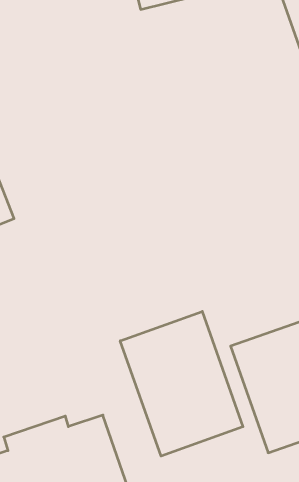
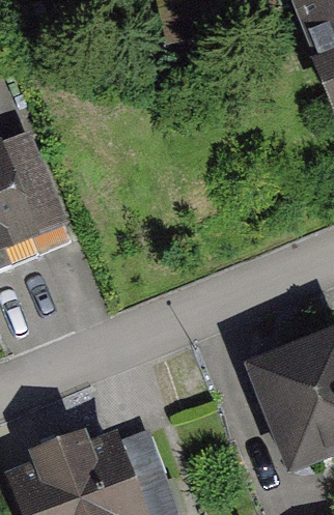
building: [120,311,243,456] -> none

